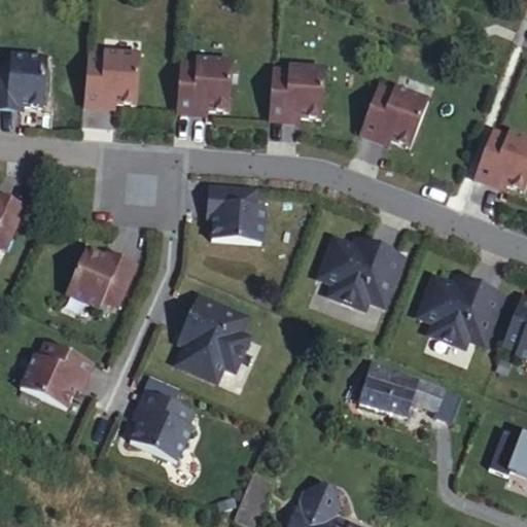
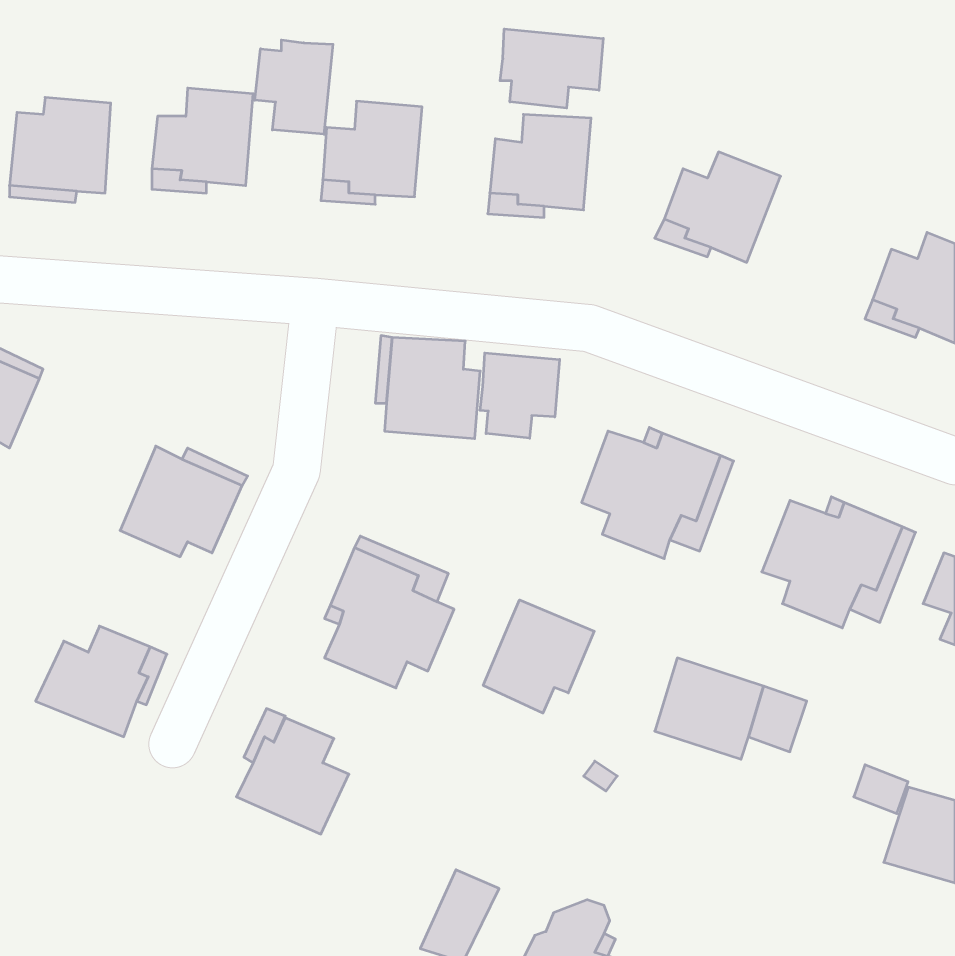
building: none -> [500,29,603,108]
building: none -> [255,40,333,134]
building: none -> [480,353,560,438]
building: none -> [483,600,594,713]

